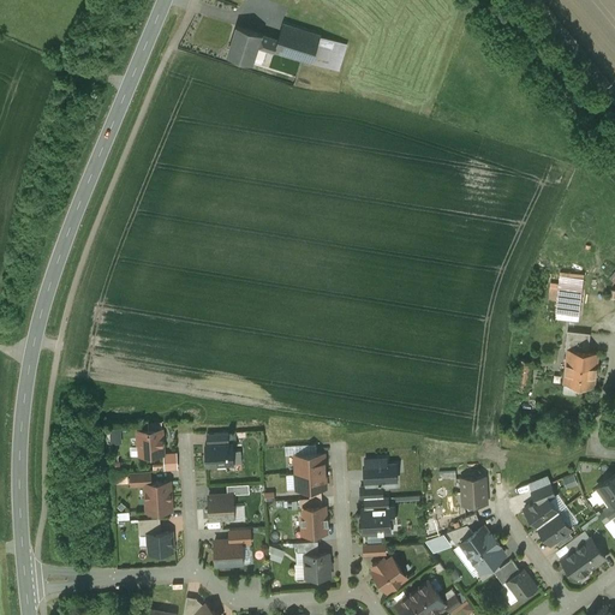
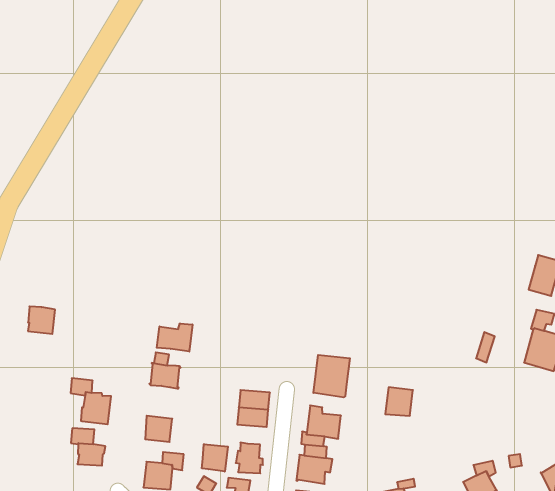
building: none -> [157,323,192,352]
building: none -> [313,355,350,397]
building: [137,431,163,456] -> [28,306,55,334]
building: [461,479,486,507] -> [385,387,413,416]
building: none -> [202,444,228,472]

